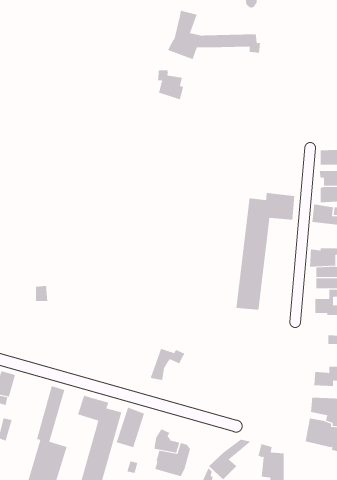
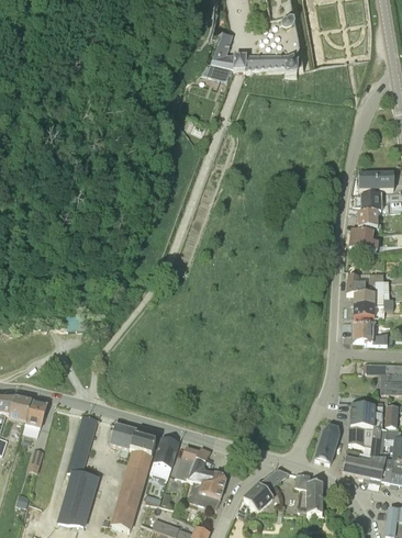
building: [157,69,184,100] -> none
building: [236,192,295,310] -> none
building: [150,348,185,380] -> [175,446,211,479]
building: none -> [315,425,338,463]

